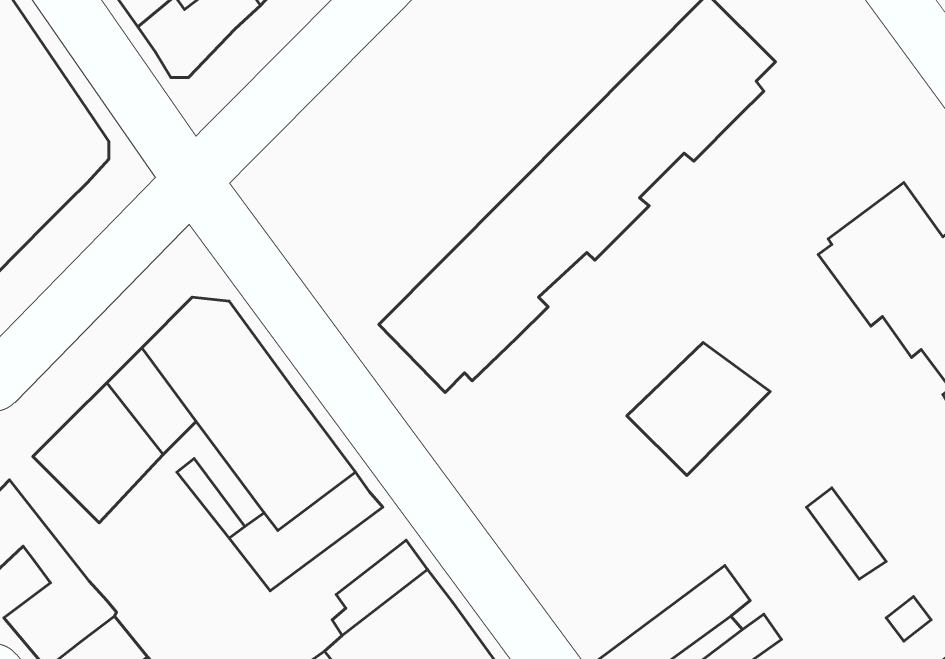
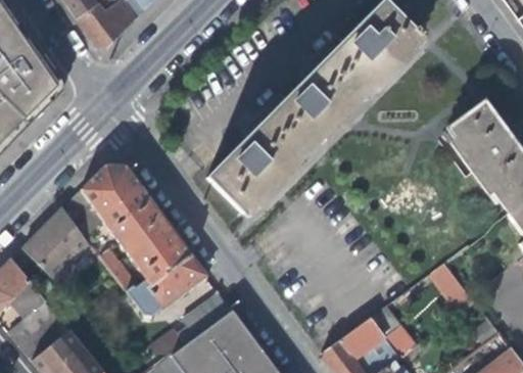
building: [627,343,770,476] -> none

